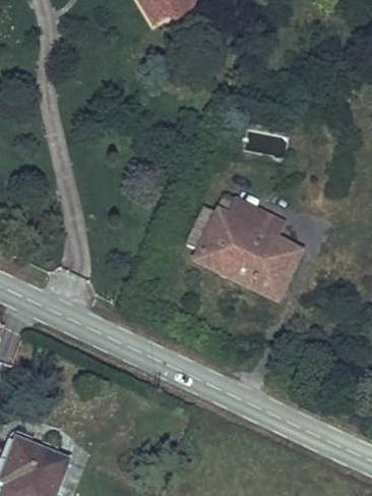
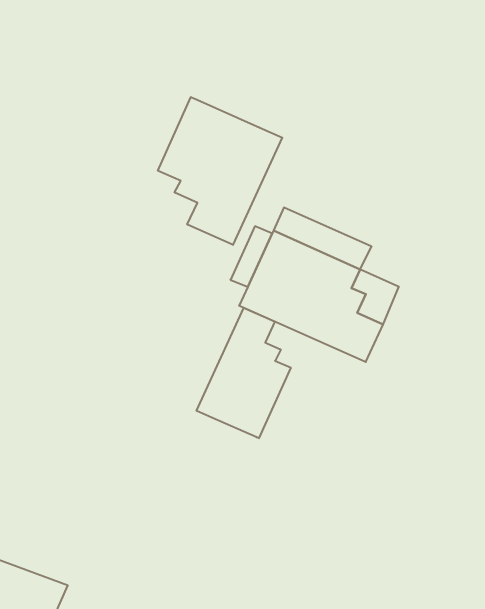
building: none -> [158,97,282,245]
building: none -> [197,308,291,438]

